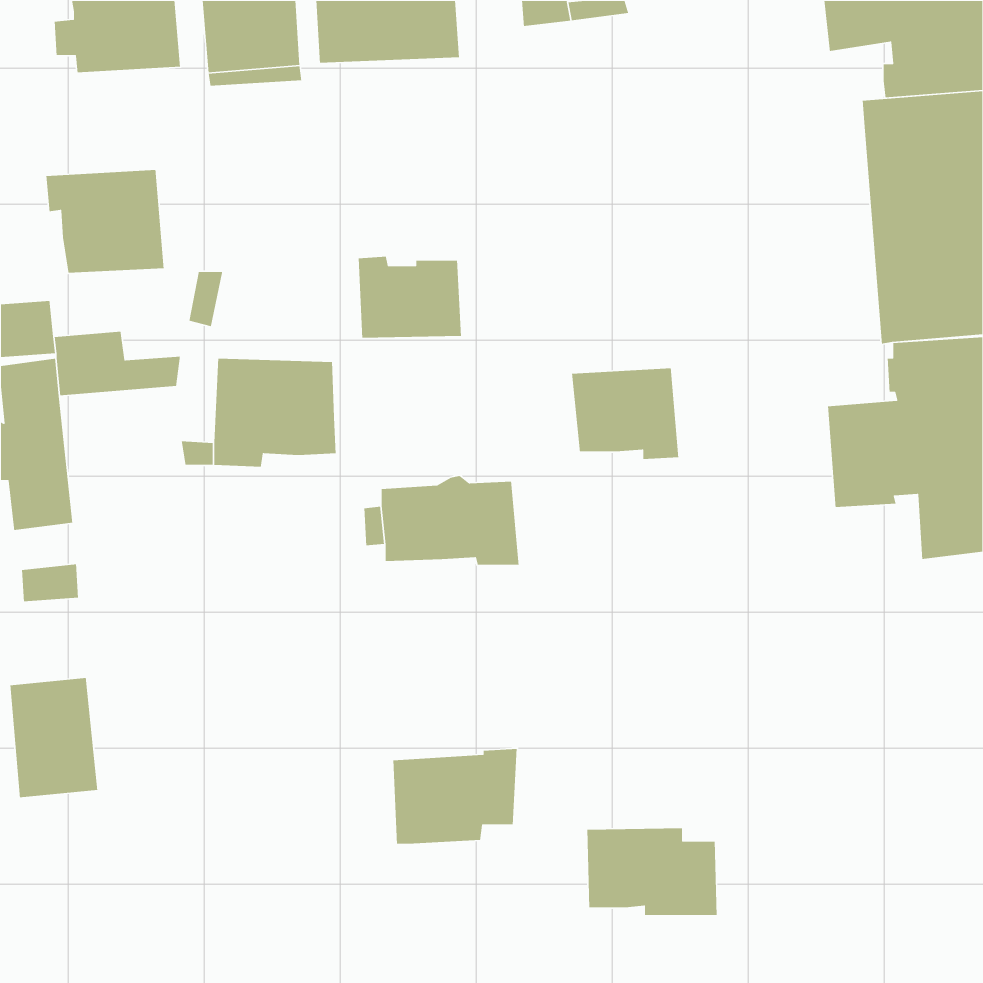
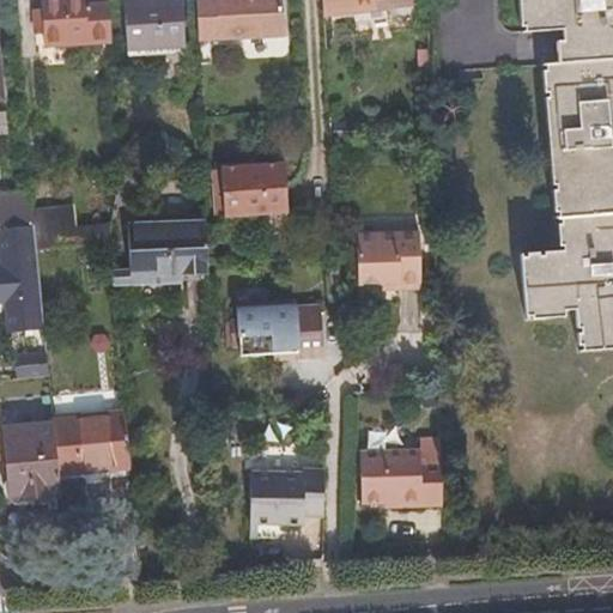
building: [46,169,164,274] -> none
building: none -> [54,407,131,468]
building: [587,827,717,916] -> [358,449,439,504]

